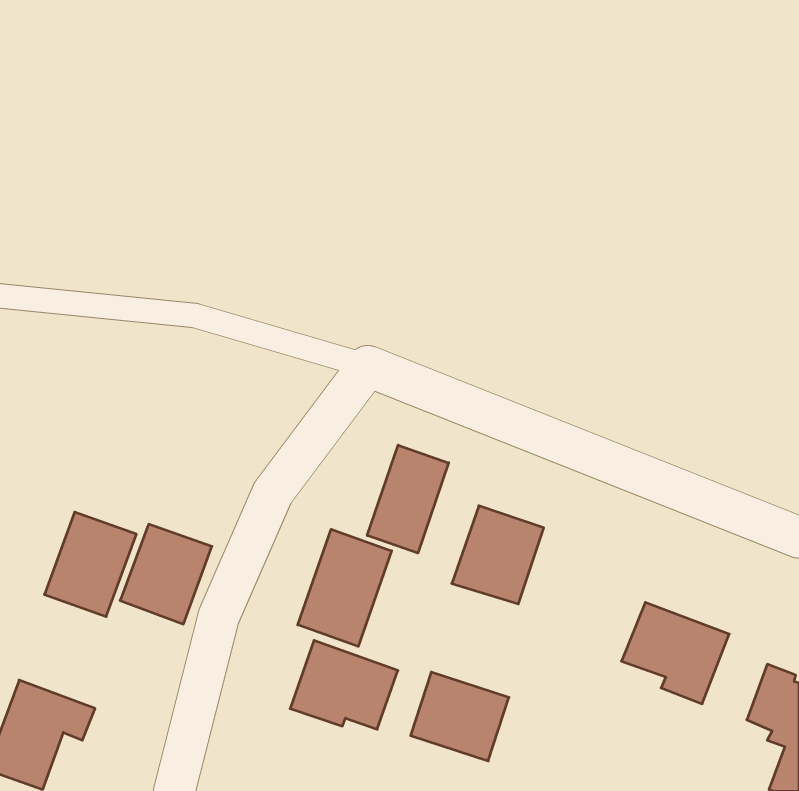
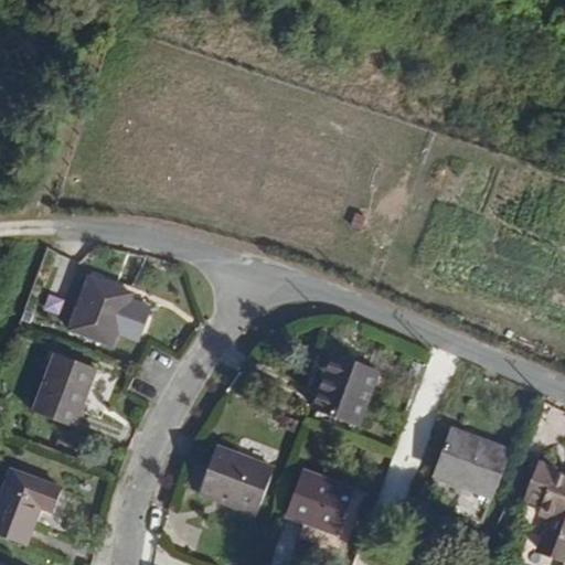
building: [367,445,449,553] -> none
building: [120,524,212,624] -> [68,280,132,350]
building: [298,529,392,646] -> none

